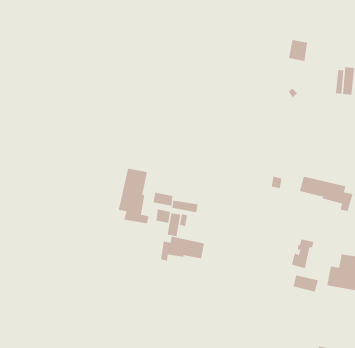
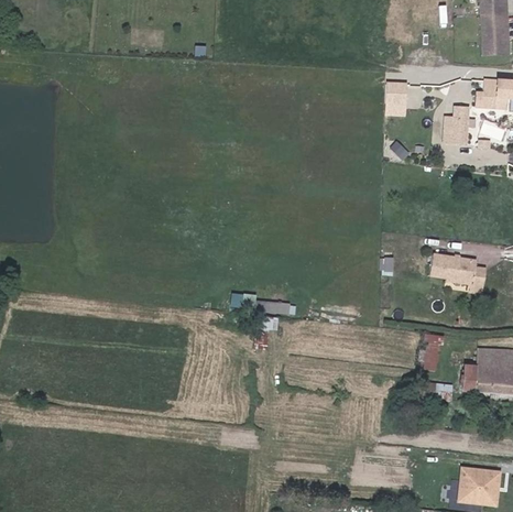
building: [118,168,149,224] -> none
building: [161,236,204,261] -> none

